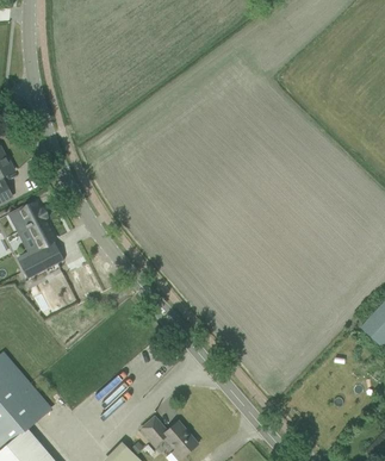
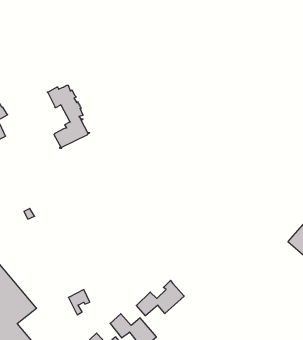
building: [11,201,63,279] -> [47,85,90,148]
building: none -> [136,280,184,316]

